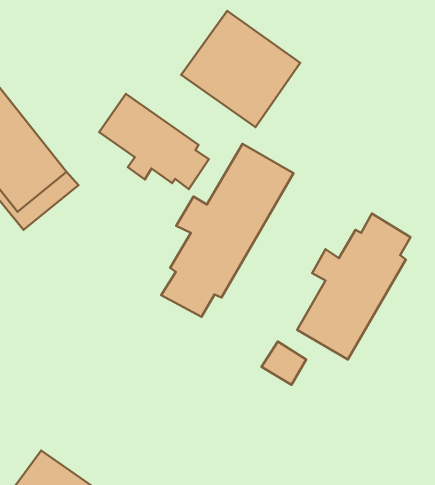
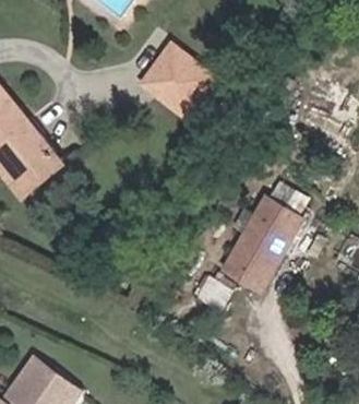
building: [99,94,209,189] -> none
building: [161,144,294,317] -> none

